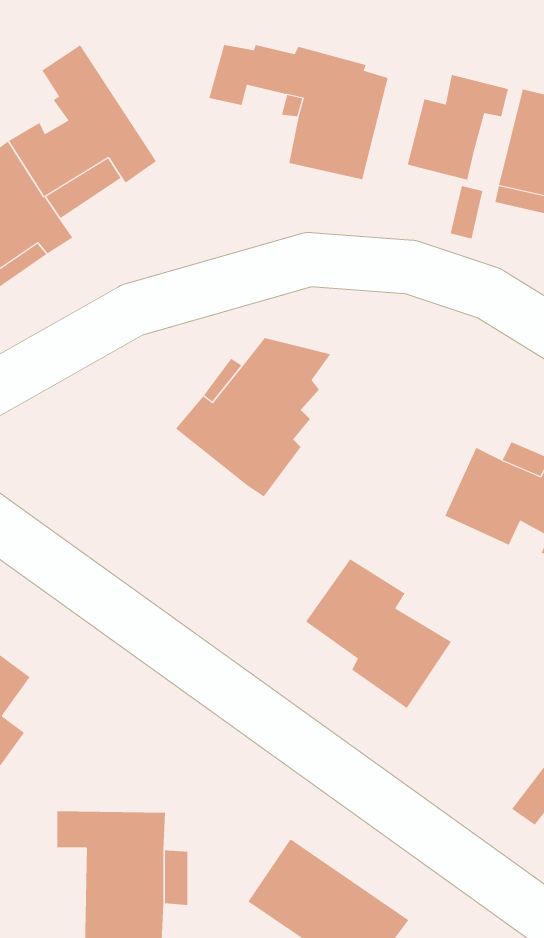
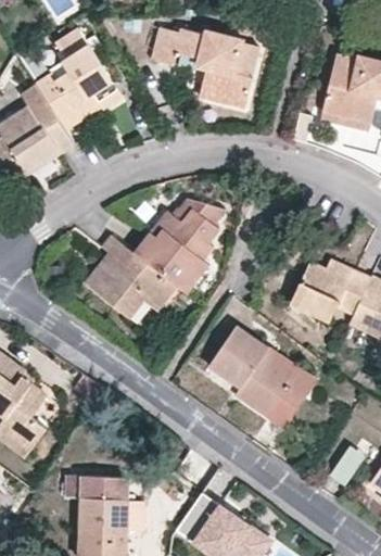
building: [407,74,508,180] -> none
building: none -> [87,235,176,317]
building: none -> [263,349,318,428]

